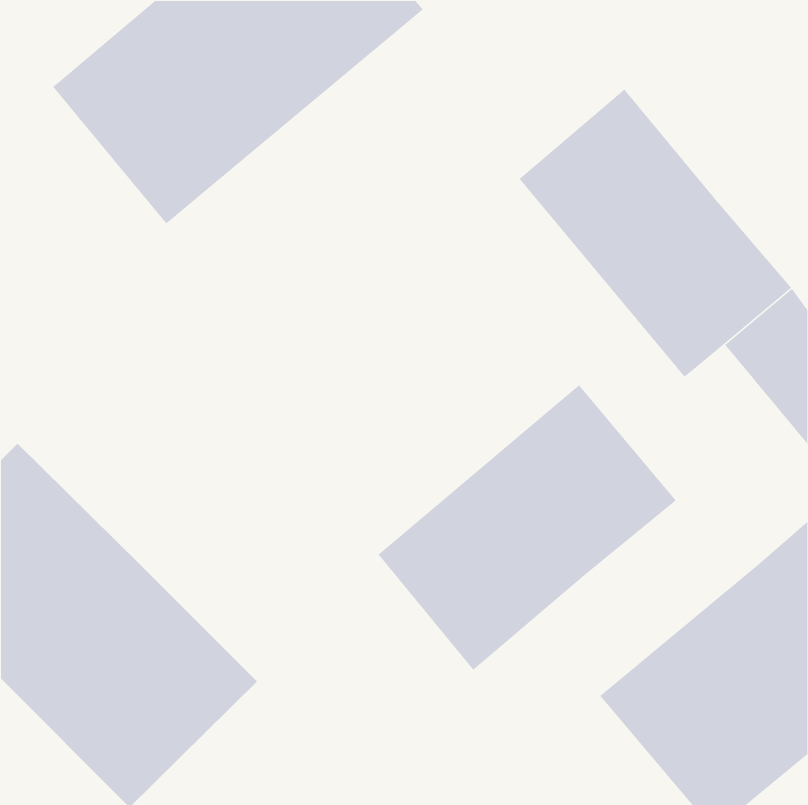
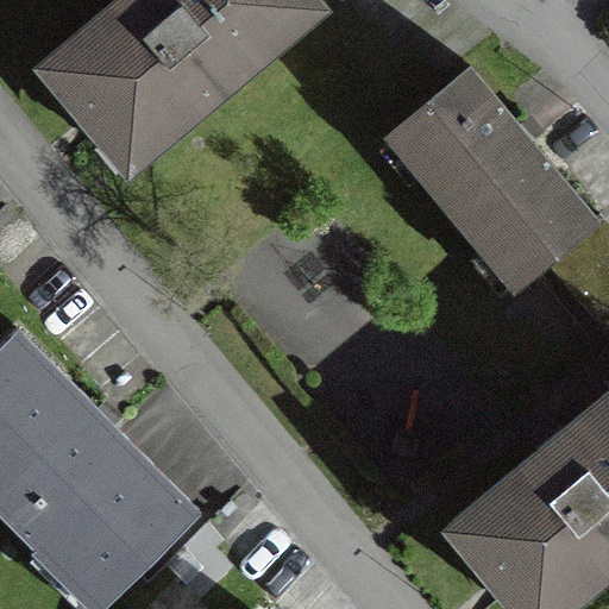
building: [377,384,677,671] -> none

